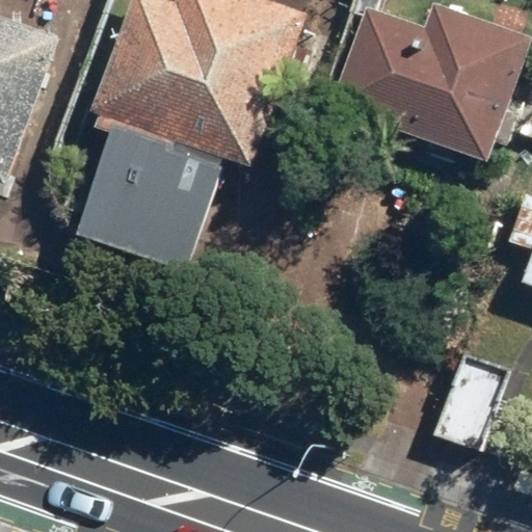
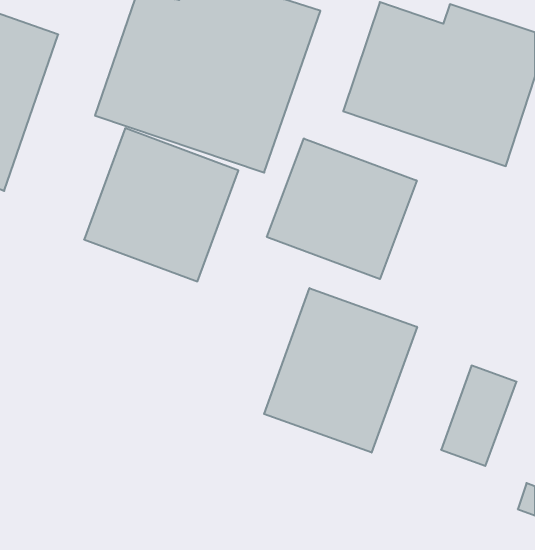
building: none -> [267,138,417,279]
building: none -> [264,288,417,453]

